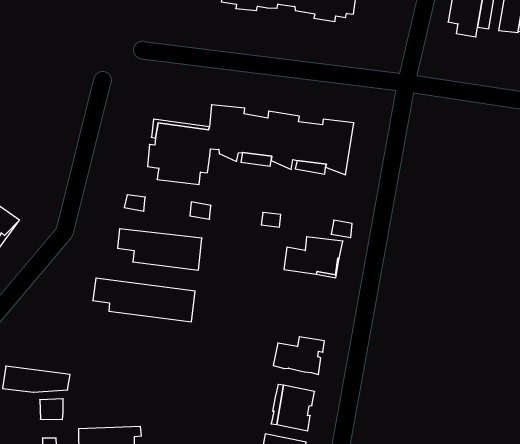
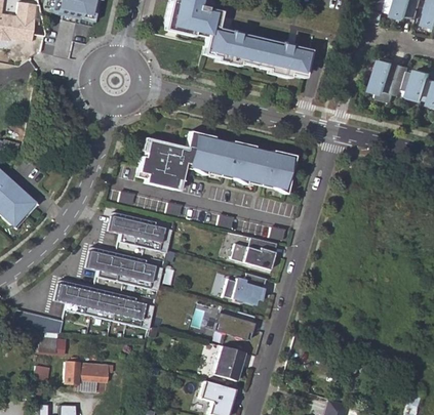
building: none -> [223,273,266,303]
building: none -> [54,284,154,329]

